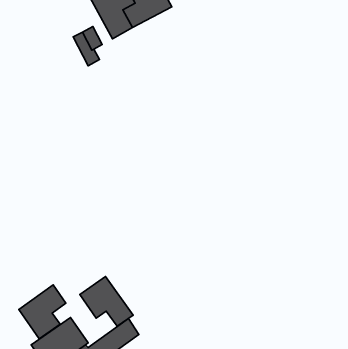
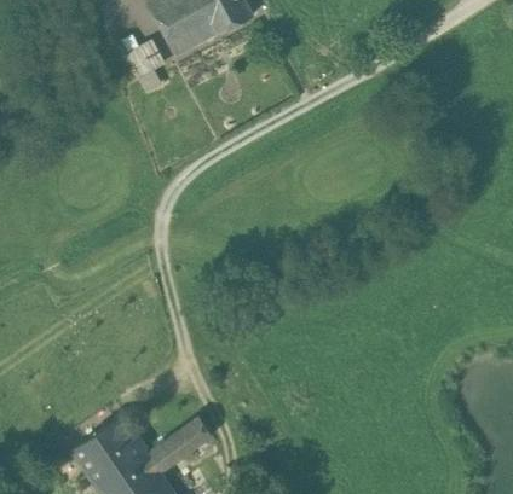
building: [80,277,133,326] -> none
building: [19,285,66,339] -> none

